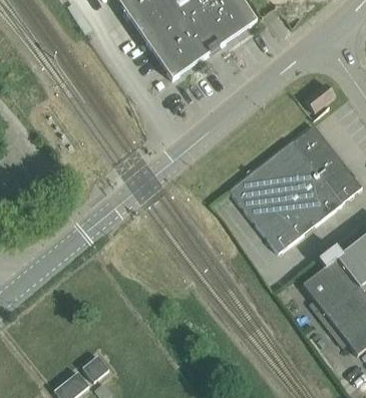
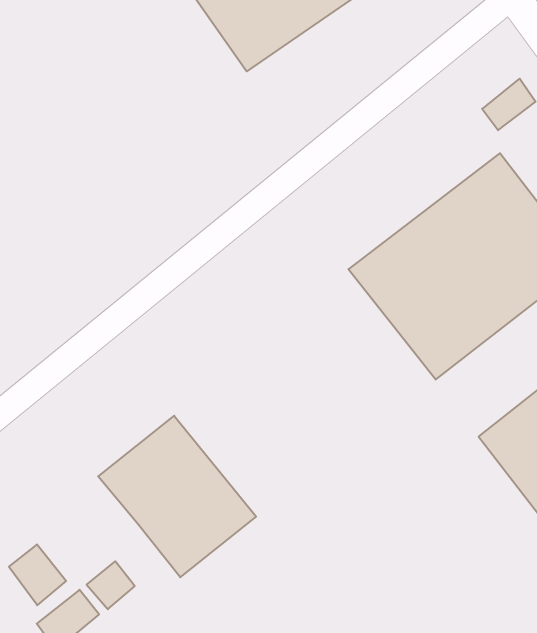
building: none -> [98,416,256,577]
building: none -> [9,544,66,605]

